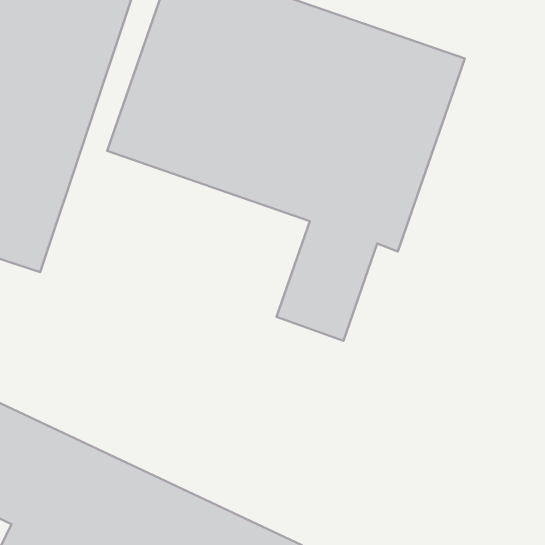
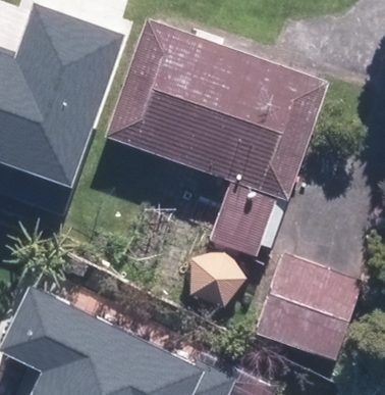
building: none -> [260,250,366,360]

